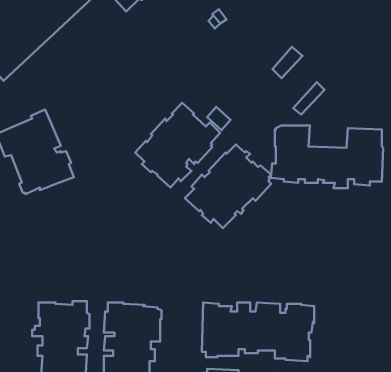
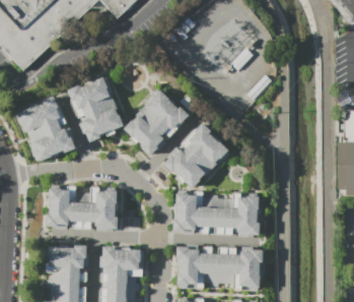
building: none -> [67,76,124,141]
building: [271,126,383,188] -> [171,189,259,238]
building: none -> [45,185,117,231]

